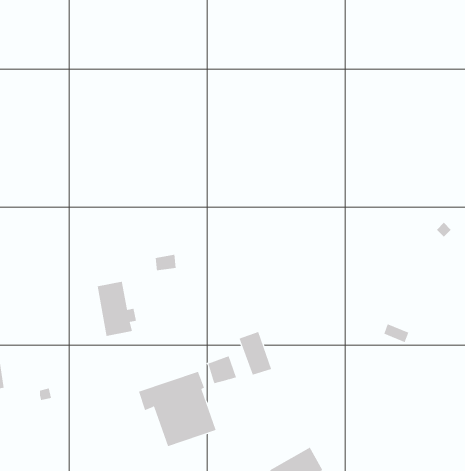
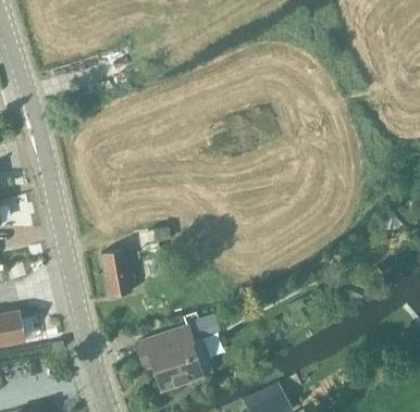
building: [239,331,272,375] -> none

